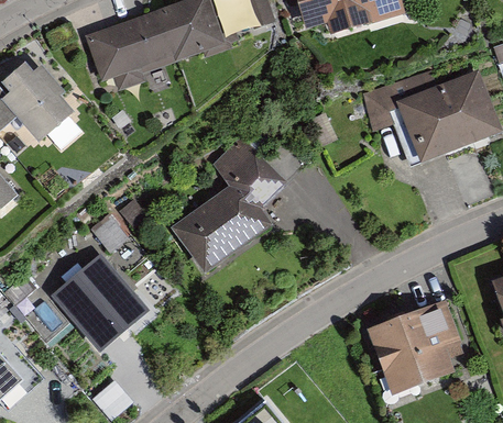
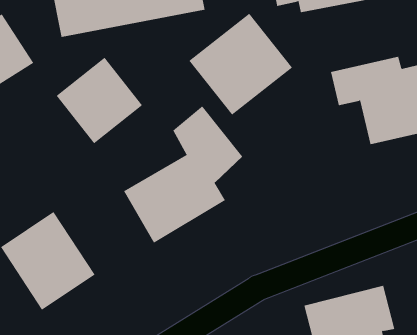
building: none -> [189,13,293,115]
building: none -> [56,57,143,144]

